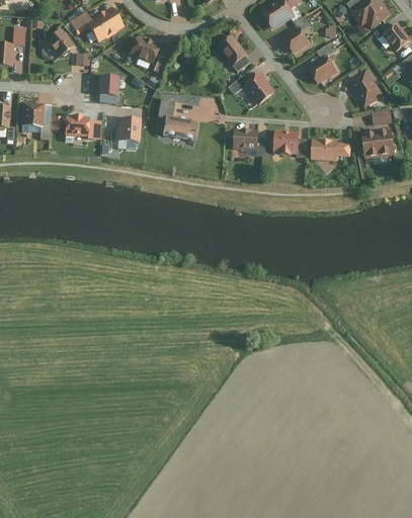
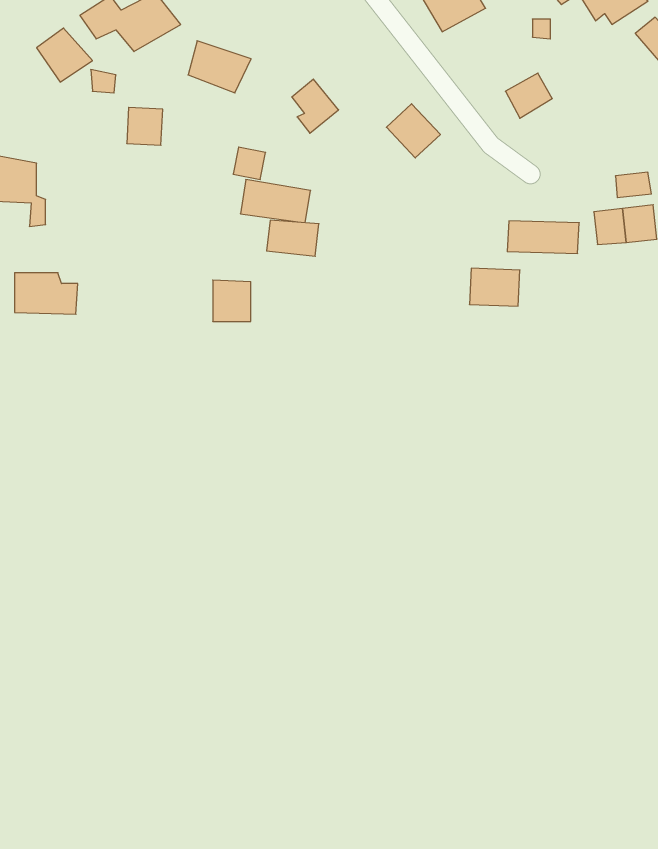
building: [283,26,311,53] -> none
building: [222,38,248,69] -> [292,79,339,133]
building: [347,67,383,102] -> none
building: [66,116,101,140] -> [15,273,78,314]
building: [116,118,138,142] -> [213,280,251,321]
building: [230,128,259,149] -> [267,220,319,256]
building: [269,130,298,151] -> [469,268,520,306]

